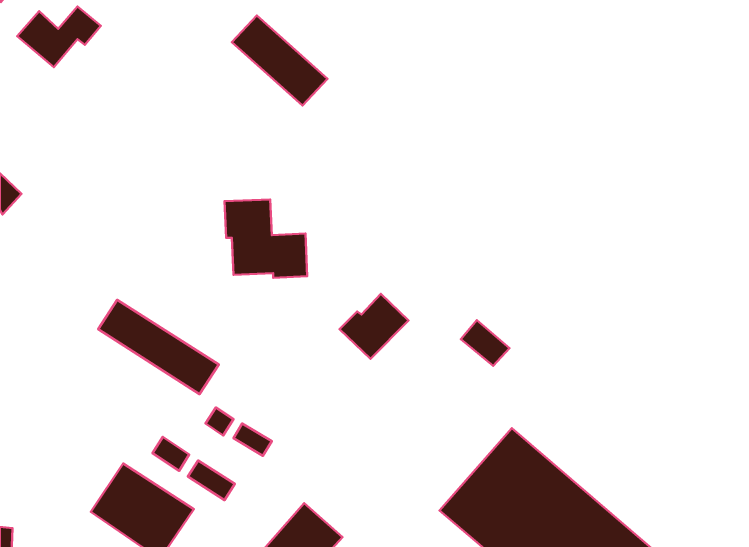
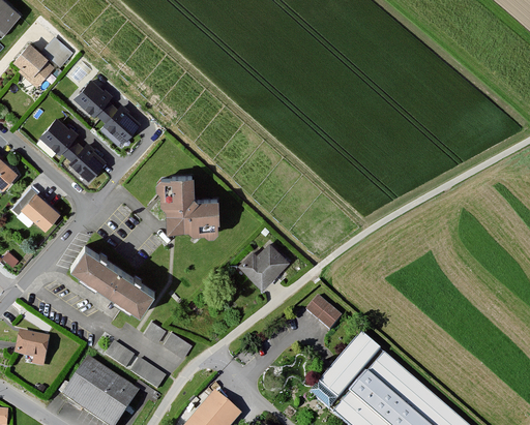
building: [232,16,327,105] -> [73,81,141,144]
building: none -> [39,119,106,179]
building: none -> [18,187,58,226]
building: [461,320,509,366] -> [307,296,342,328]
building: none -> [14,333,48,365]

